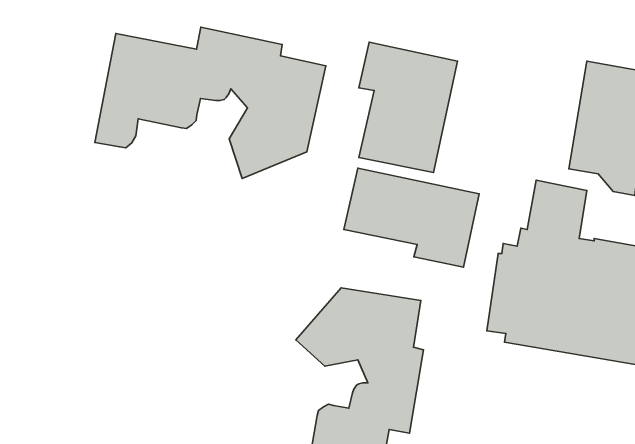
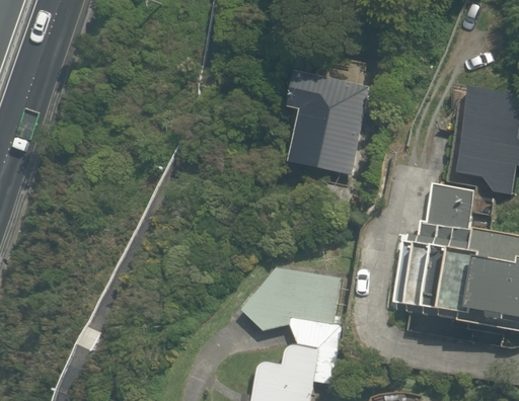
building: [95,27,326,178] -> none
building: [344,168,479,267] -> none

